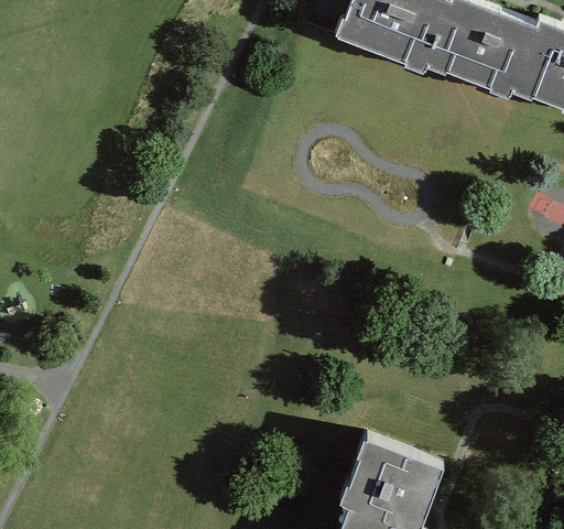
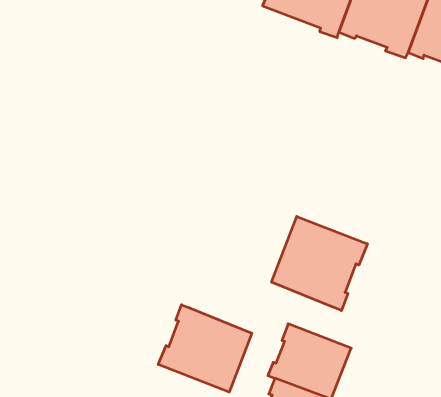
building: none -> [272,216,367,311]
building: none -> [158,305,252,392]

